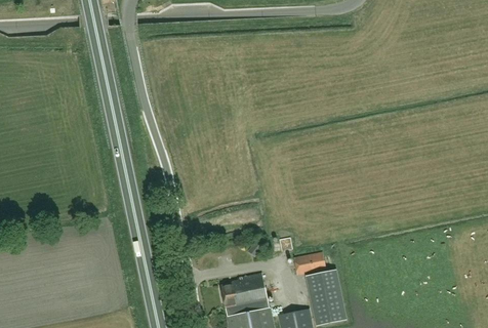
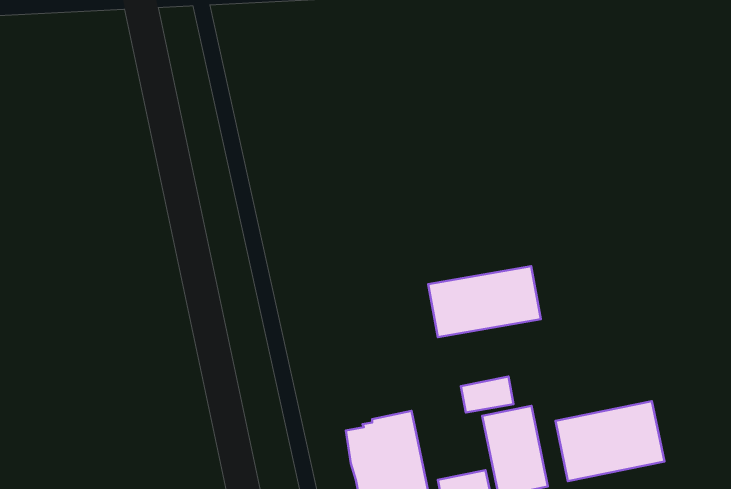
building: none -> [428,266,541,337]
building: none -> [555,401,665,481]

